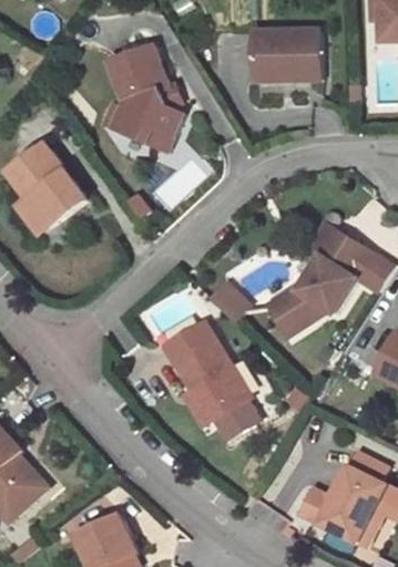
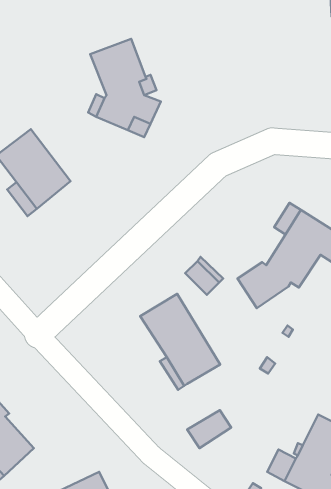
building: [252,29,320,81] -> none
building: [213,396,261,437] -> [187,410,231,448]

